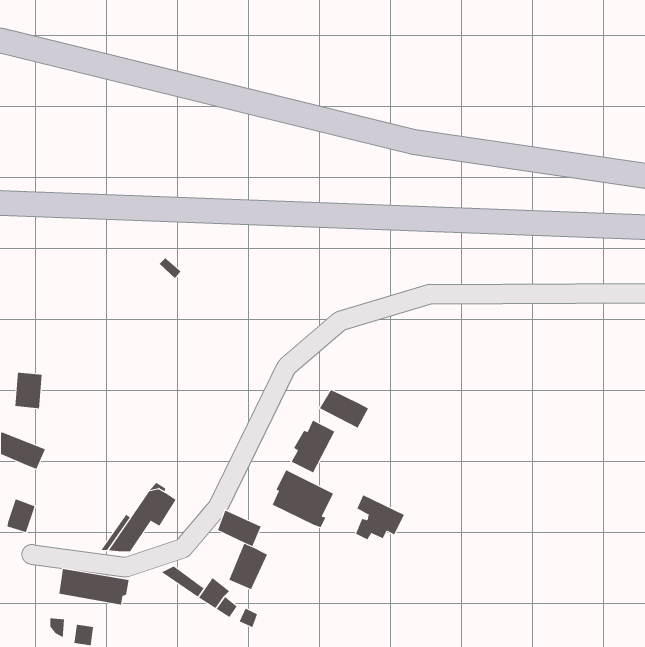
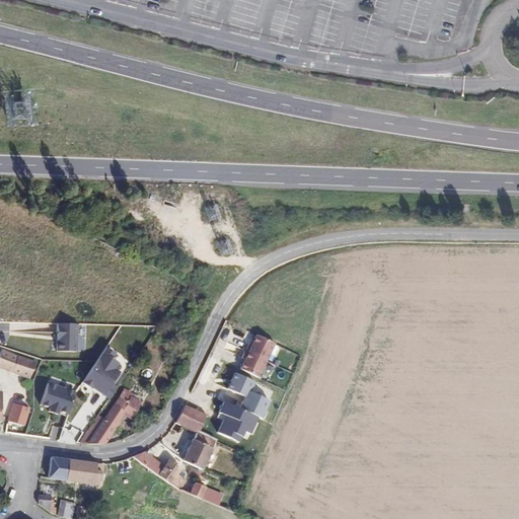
building: [15,372,42,409] -> [58,322,80,352]
building: [319,389,369,429] -> none
building: none -> [83,349,120,398]
building: none -> [44,378,79,412]
building: [355,494,405,540] -> [214,403,253,440]

